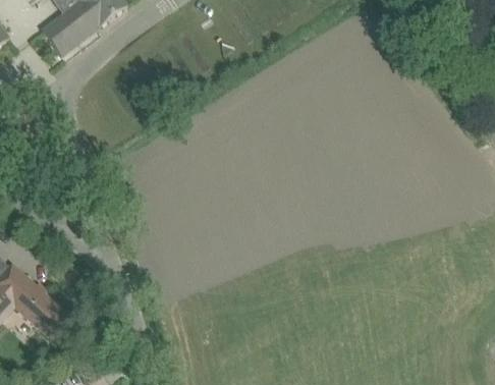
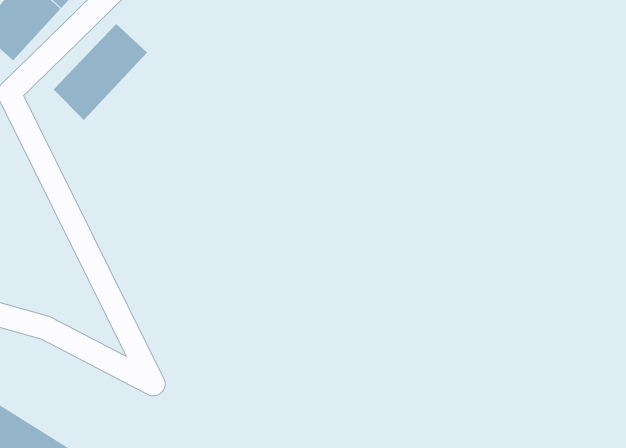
building: none -> [53,23,148,121]

